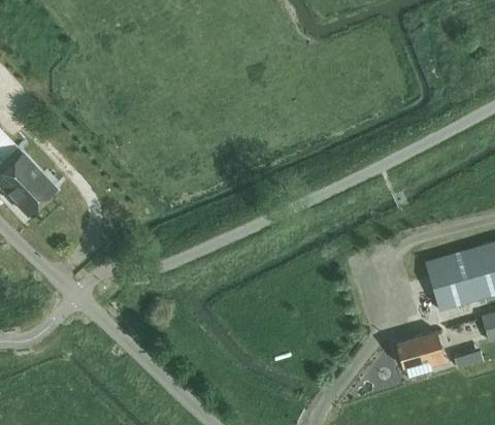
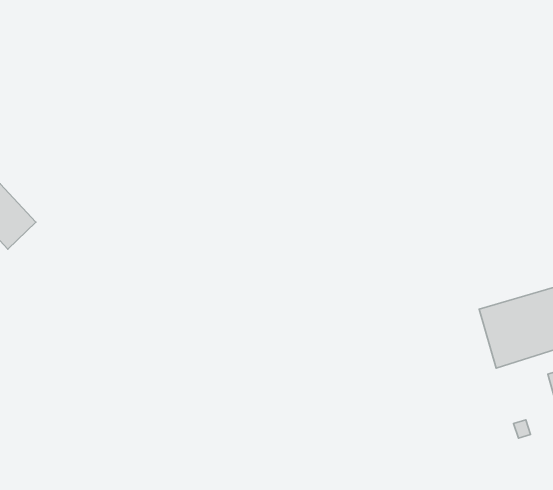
building: [397,332,447,368] -> none

